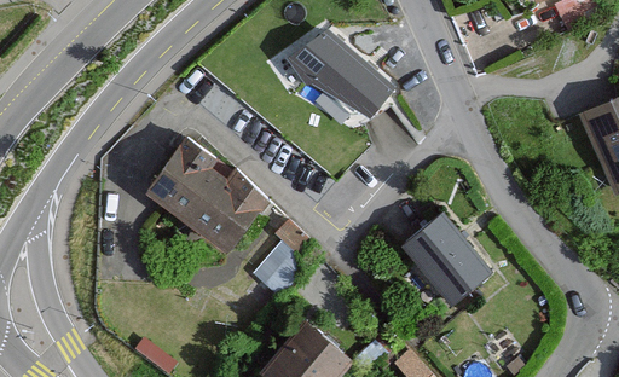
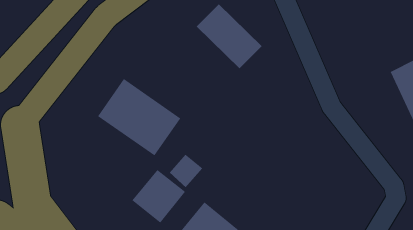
building: [399,210,493,308] -> none
building: none -> [132,169,186,224]

